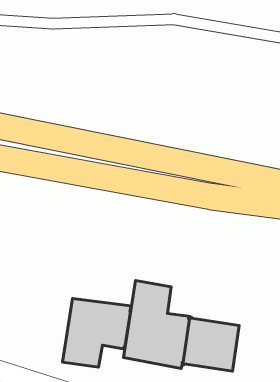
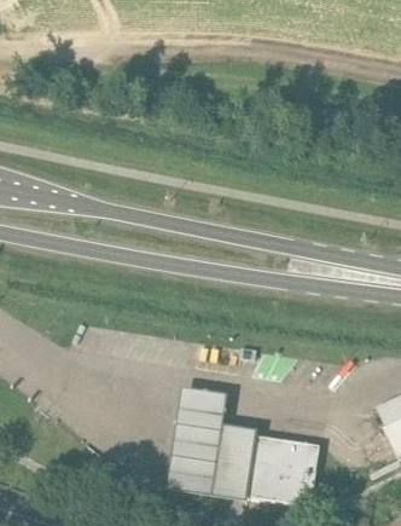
building: [63,299,131,367] -> none

